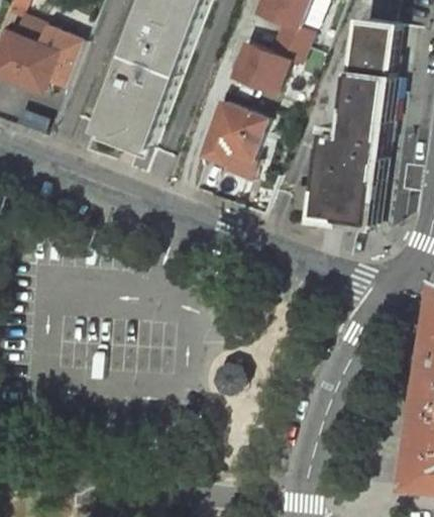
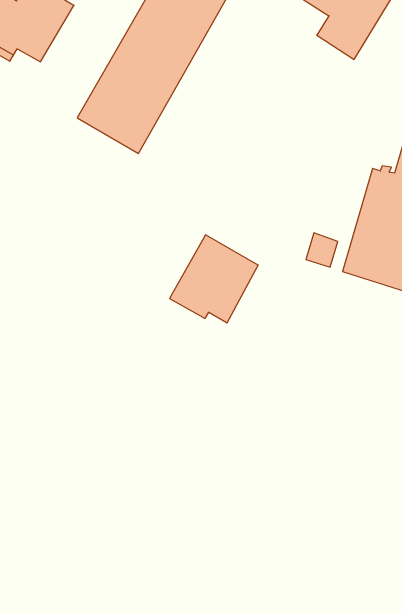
building: [228,42,289,95] -> none
building: [197,105,260,170] -> [170,235,258,323]

